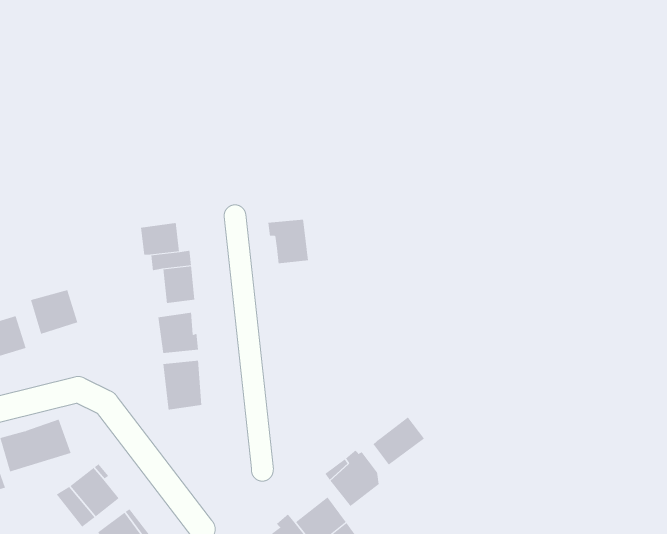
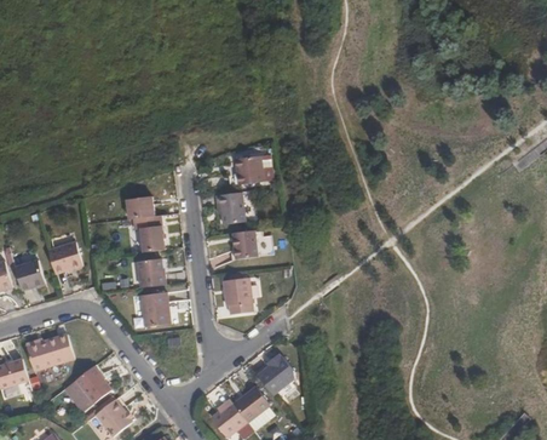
building: none -> [235,156,263,185]
building: none -> [230,230,255,258]
building: none -> [223,278,253,314]
building: [373,416,425,465] -> none

